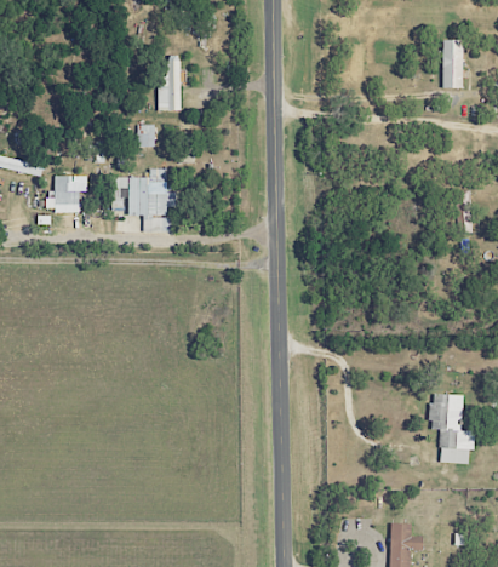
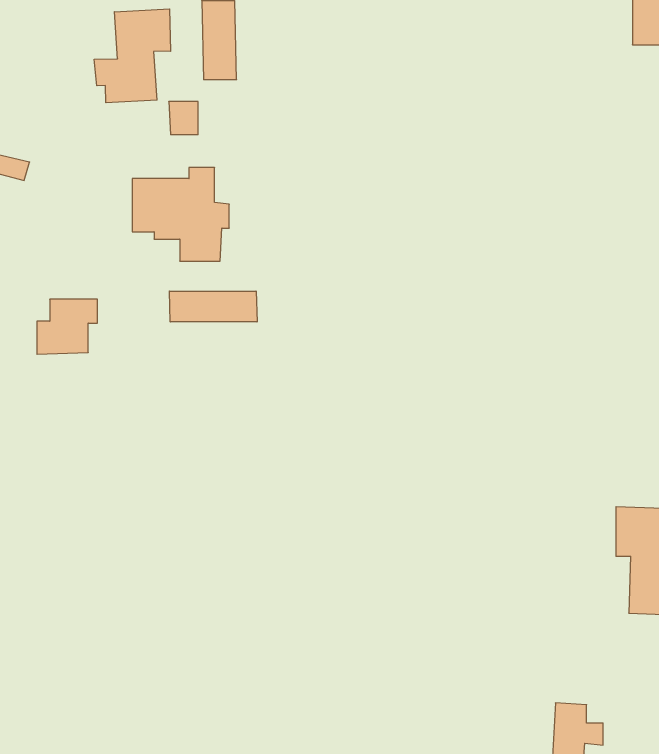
building: none -> [94,9,171,103]
building: [46,176,86,212] -> [37,299,97,354]
building: none -> [169,291,257,322]

